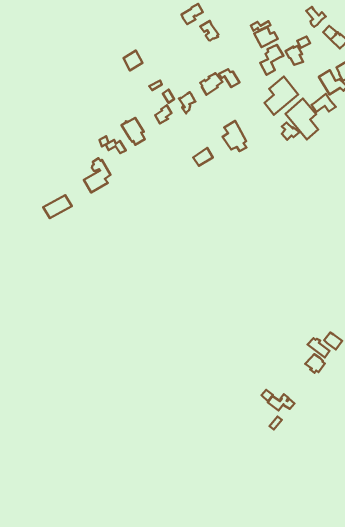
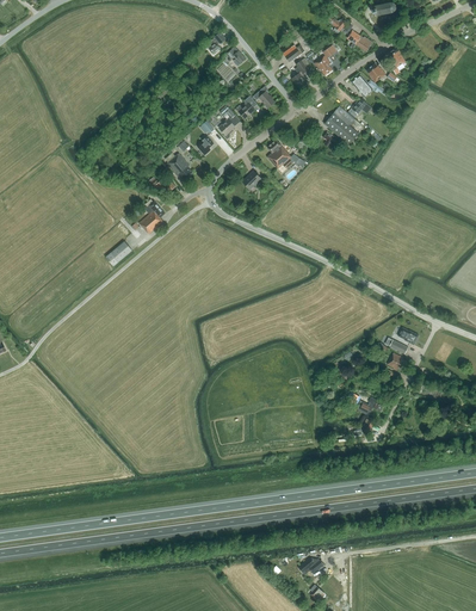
building: [265,77,298,115] -> none

